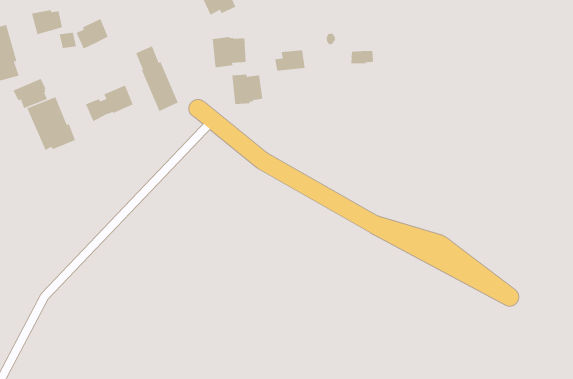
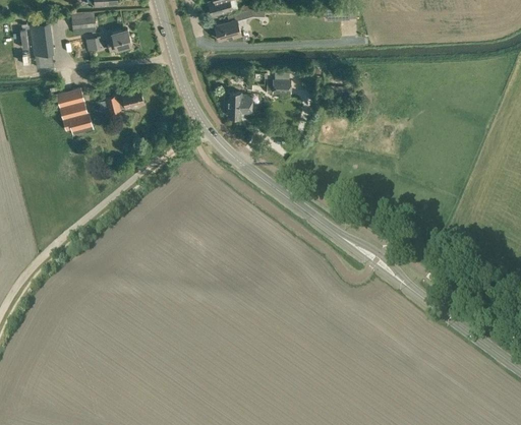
building: [212,36,246,68] -> none
building: [136,45,179,112] -> none
building: [13,78,47,109] -> none

